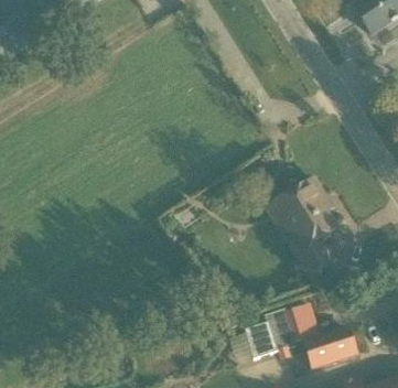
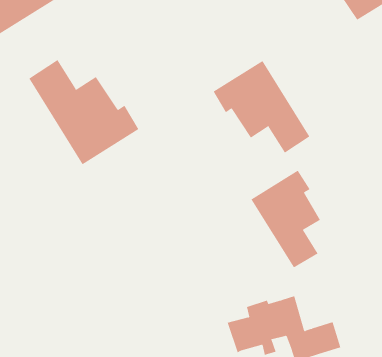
building: none -> [28,59,139,165]
building: none -> [213,60,310,153]

